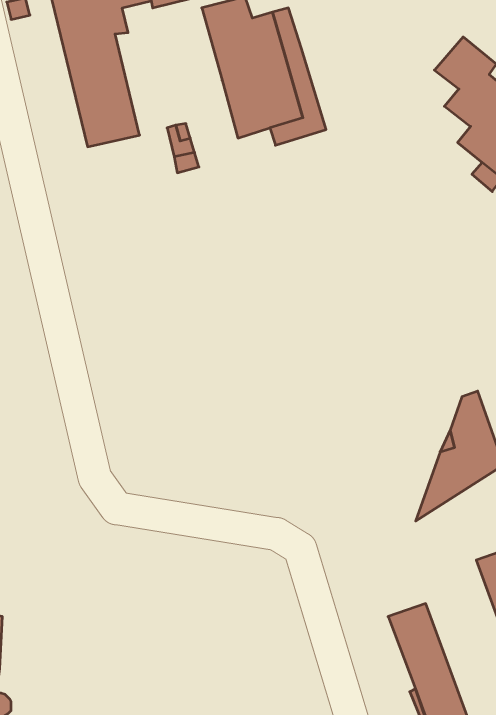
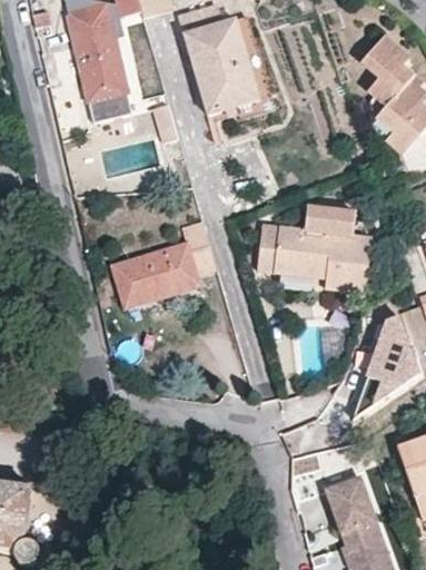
building: none -> [258,208,371,292]
building: none -> [113,224,217,307]

